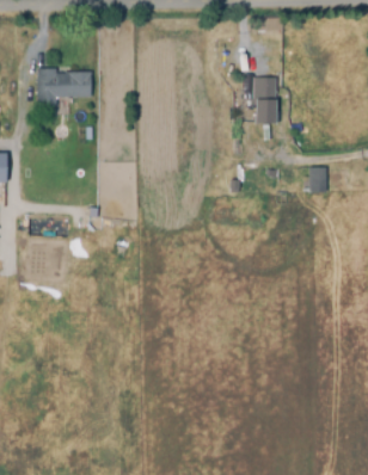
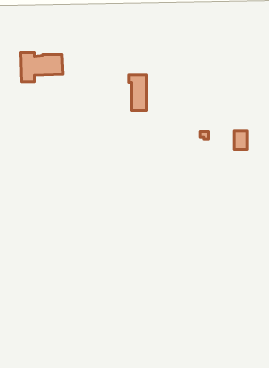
building: [253,78,276,123] -> [129,75,147,111]

